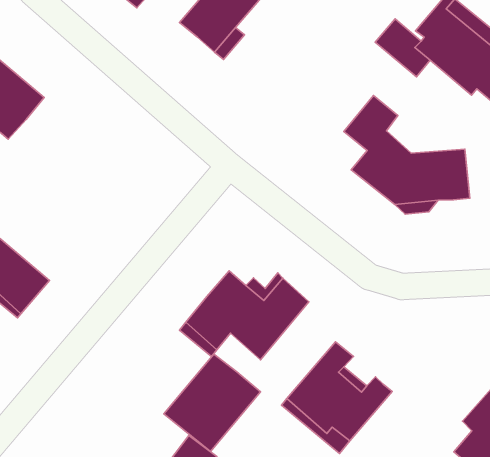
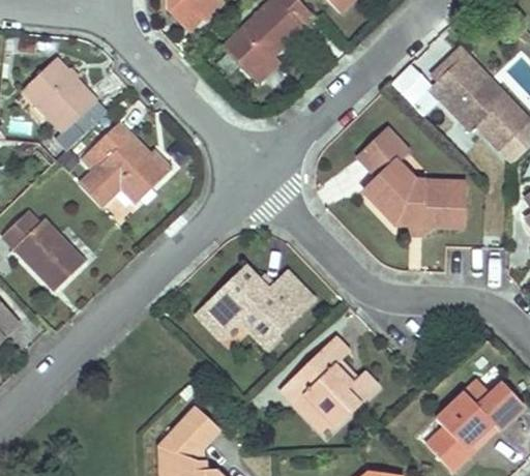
building: none -> [80,121,168,210]
building: [164,354,260,452] -> none

